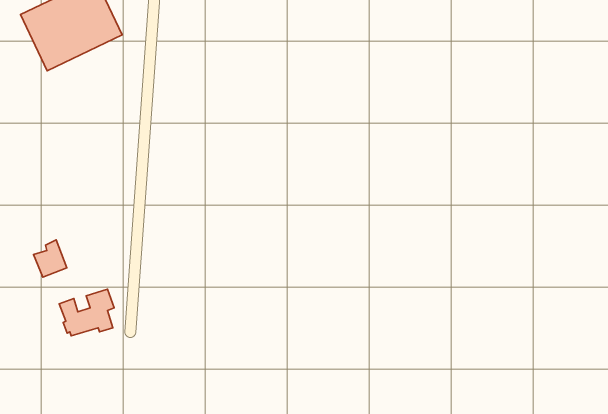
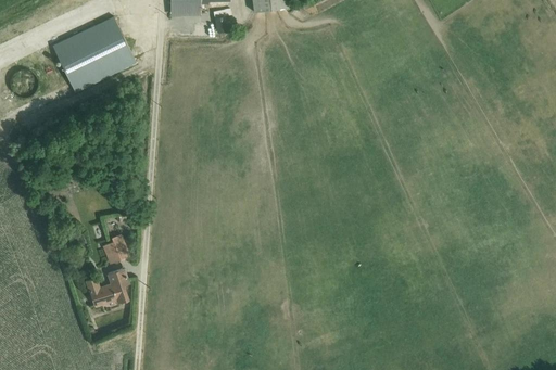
building: [33,240,67,277] -> [102,233,129,264]

